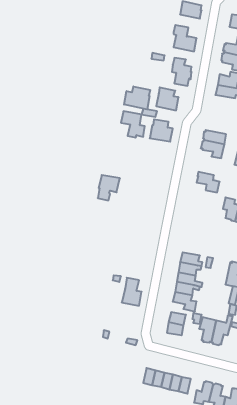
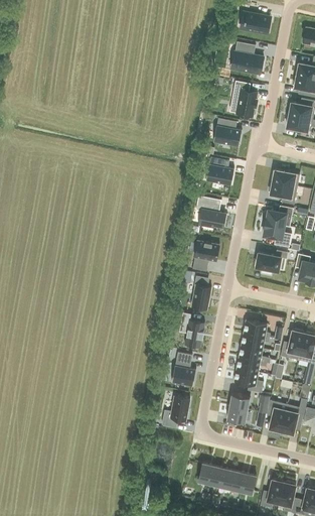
building: [124,86,150,109] -> none
building: [121,111,145,138] -> [195,196,224,228]
building: none -> [265,206,293,227]
building: [98,175,120,200] -> [192,238,219,269]
building: none -> [256,250,287,270]
building: none -> [191,276,210,309]
building: none -> [182,313,204,347]
building: none -> [280,329,304,360]
building: none -> [161,396,189,427]

